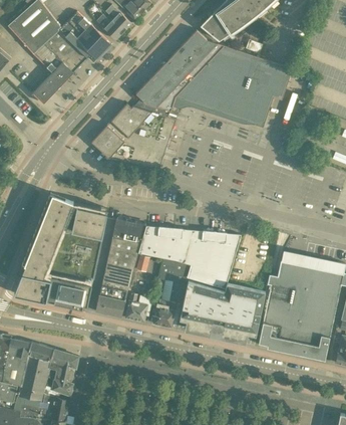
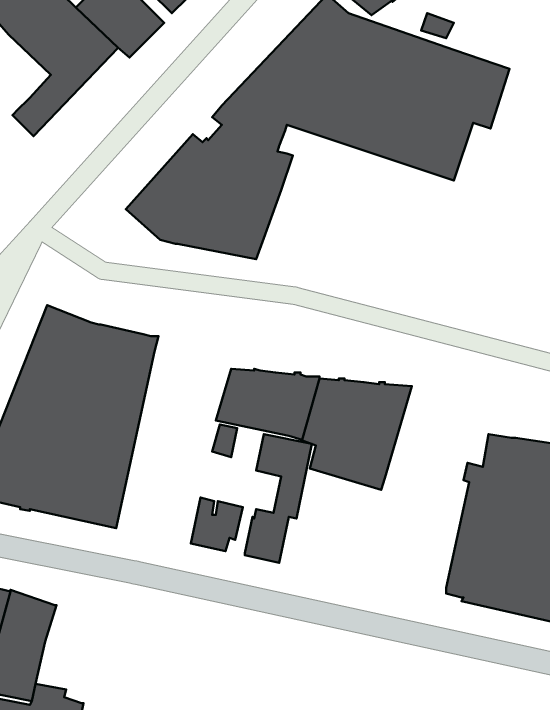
building: [95,219,146,316] -> none
building: [180,281,266,339] -> none
building: [49,350,78,395] -> none

